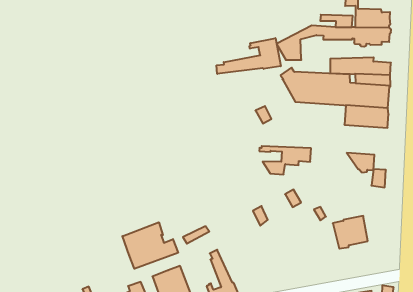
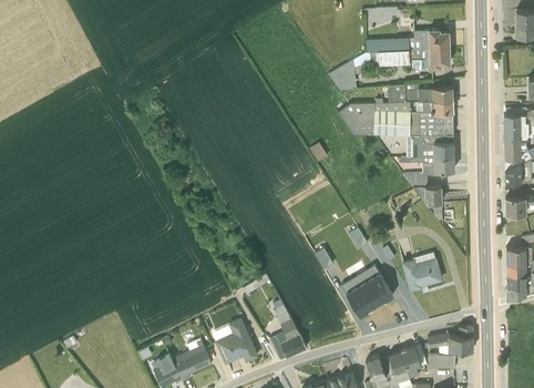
building: [217,38,281,74] -> none
building: [259,146,311,174] -> [399,156,454,186]
building: [122,222,178,269] -> none
building: none -> [341,266,393,316]

